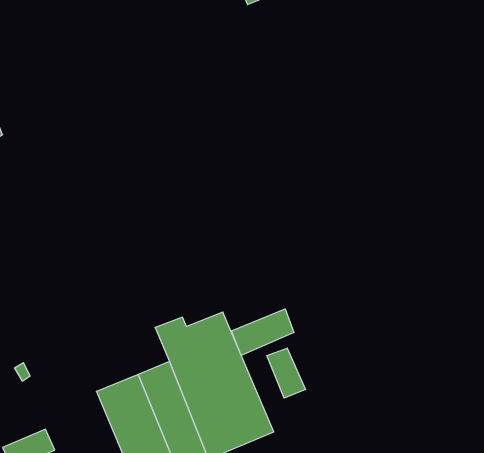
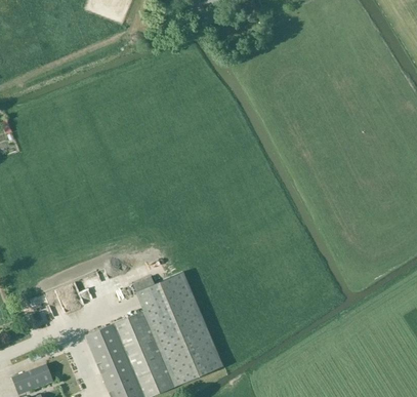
building: [232,309,294,355] -> none
building: [267,348,305,398] -> none

